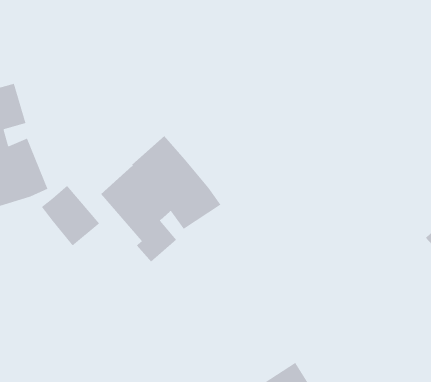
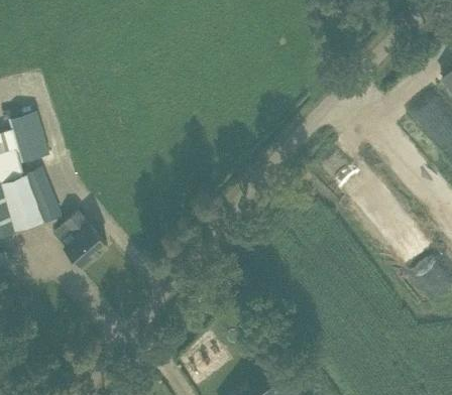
building: [100,135,222,263] -> none

